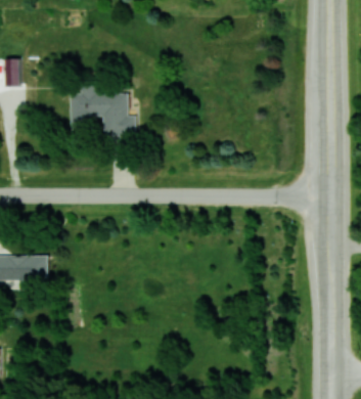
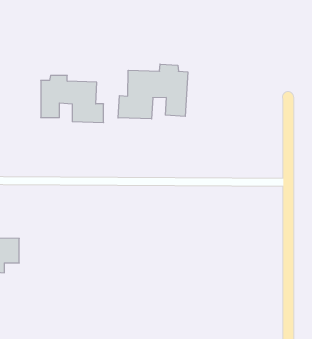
building: none -> [118,64,188,119]

